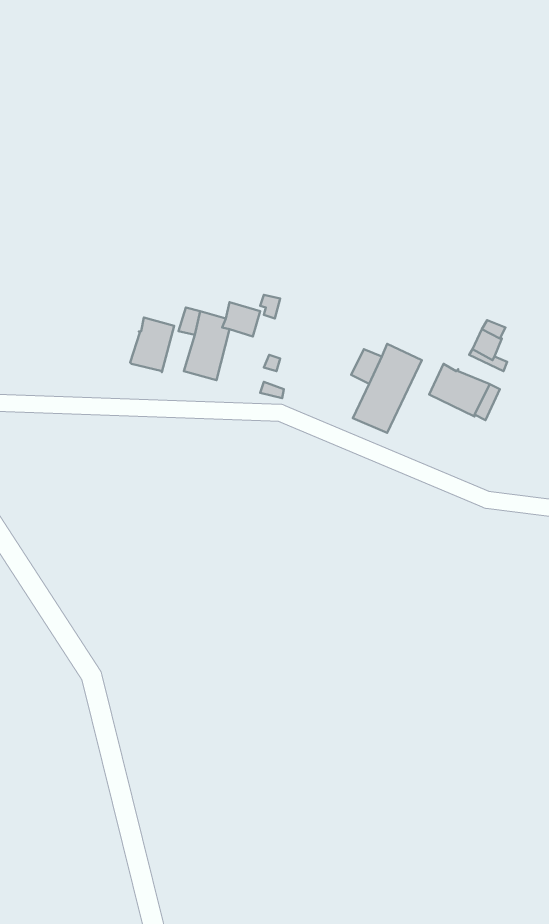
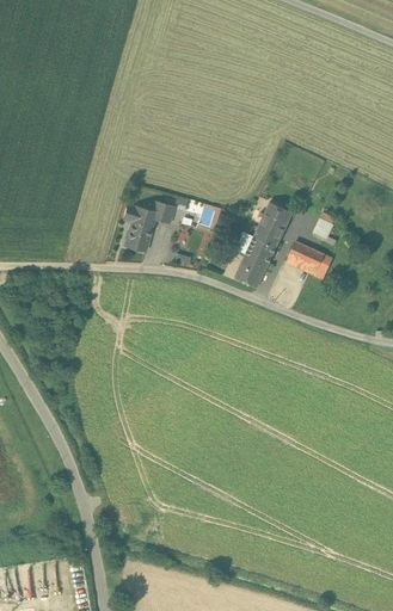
building: none -> [258,202,293,239]
building: [130,318,174,372] -> none

